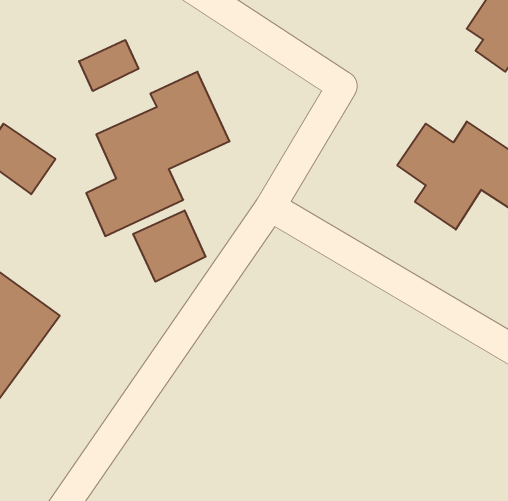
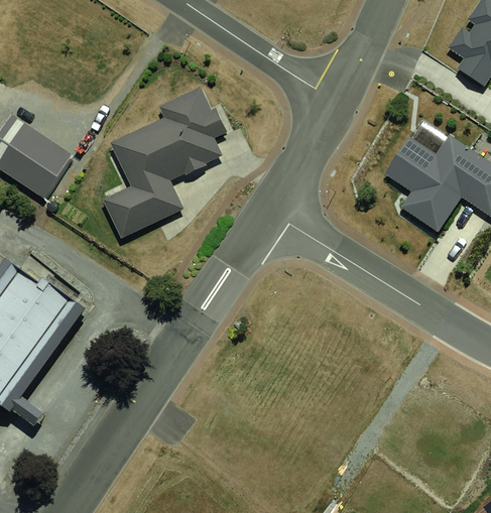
building: [79,40,138,91] -> none
building: [133,210,206,282] -> none

